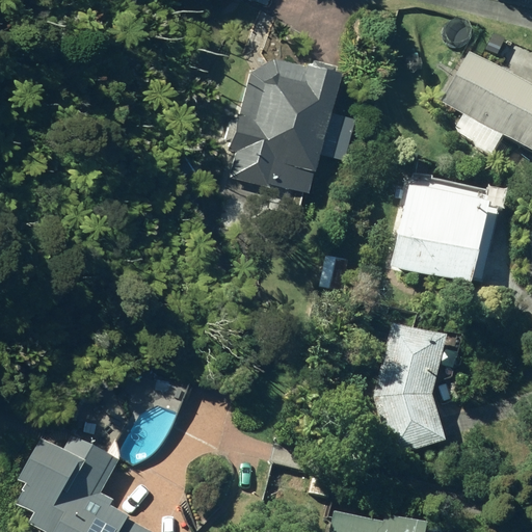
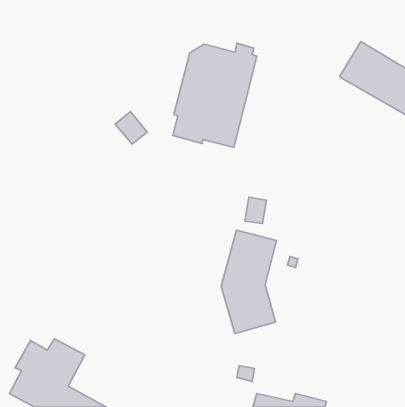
building: [393,188,494,288] -> none
building: [377,326,449,460] -> [221,230,276,333]

